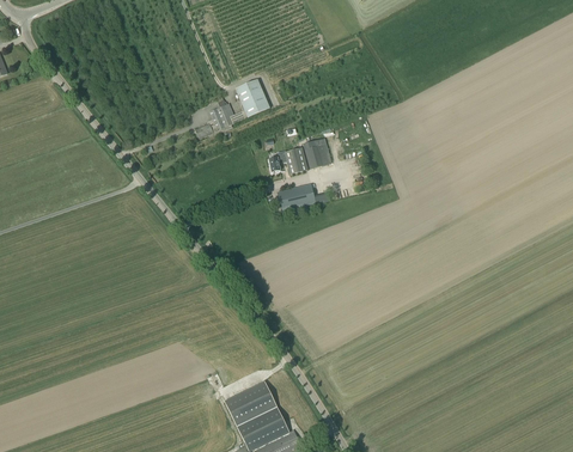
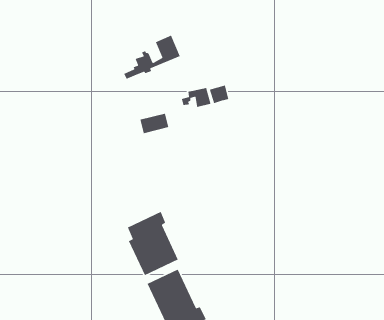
building: [276,182,315,209] -> [139,113,169,134]
building: none -> [127,211,179,276]

